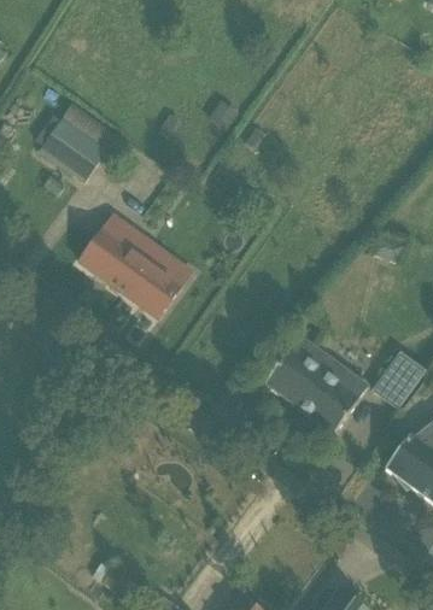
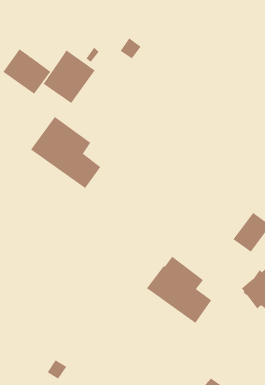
building: none -> [43,50,95,104]
building: [264,335,359,434] -> [146,256,212,324]

